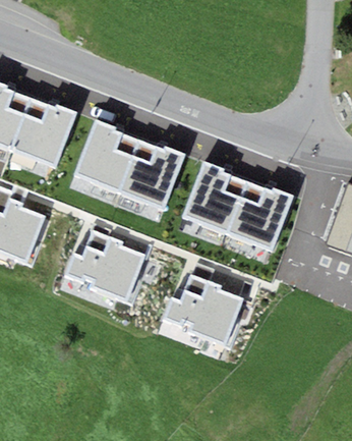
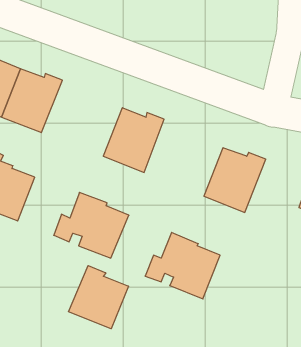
building: [74,119,138,192] -> none
building: [183,162,246,235] -> none
building: none -> [69,266,128,329]

